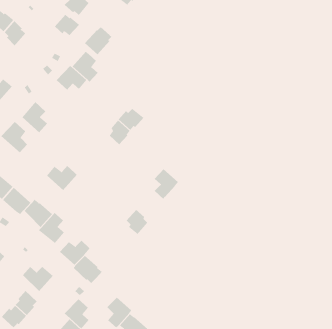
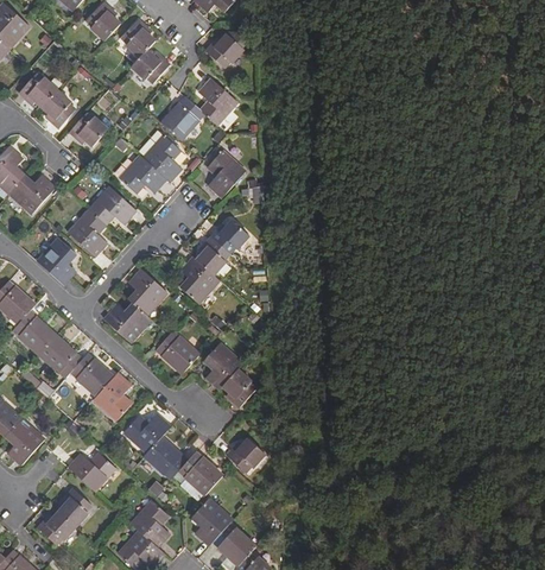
building: none -> [198,77,236,125]
building: [54,14,80,36] -> [69,113,107,145]
building: none -> [207,150,245,196]
building: none -> [88,185,135,223]
building: none -> [180,255,220,302]
building: none -> [128,267,166,314]
building: [154,169,179,200] -> [205,342,242,388]
building: none -> [156,330,201,372]
building: none -> [226,438,264,470]
building: none -> [179,451,222,494]

